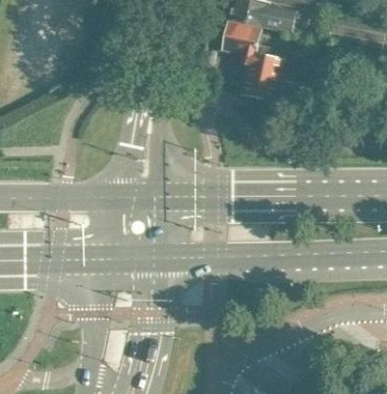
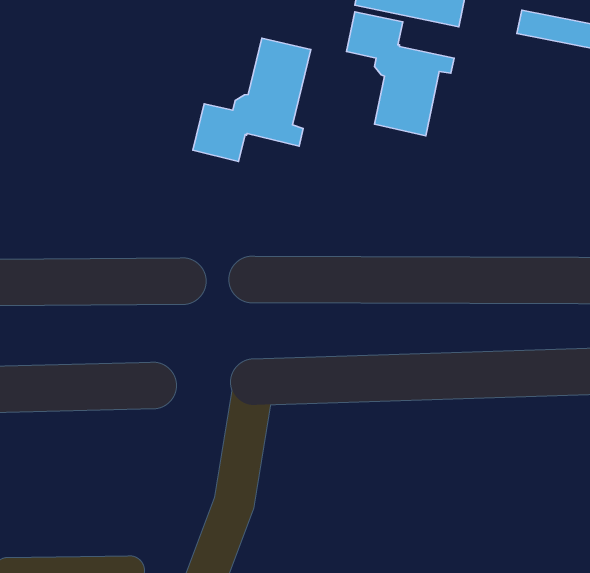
building: none -> [193,38,311,162]

